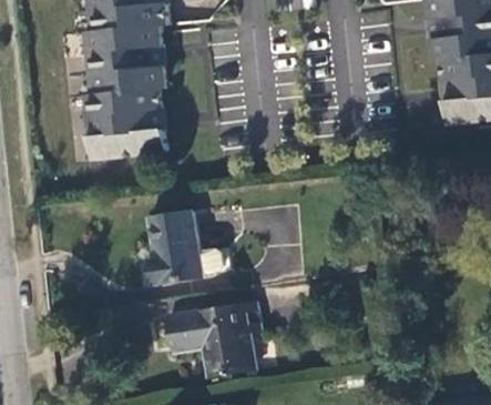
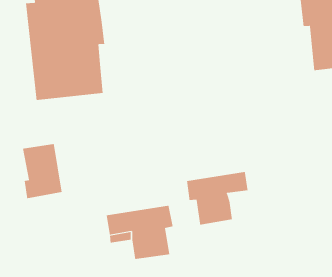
building: [149,209,203,283] -> [22,144,63,199]
building: none -> [187,171,248,225]

